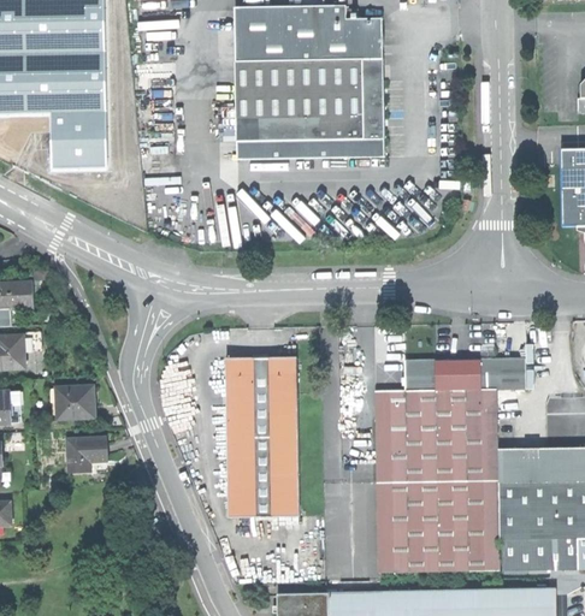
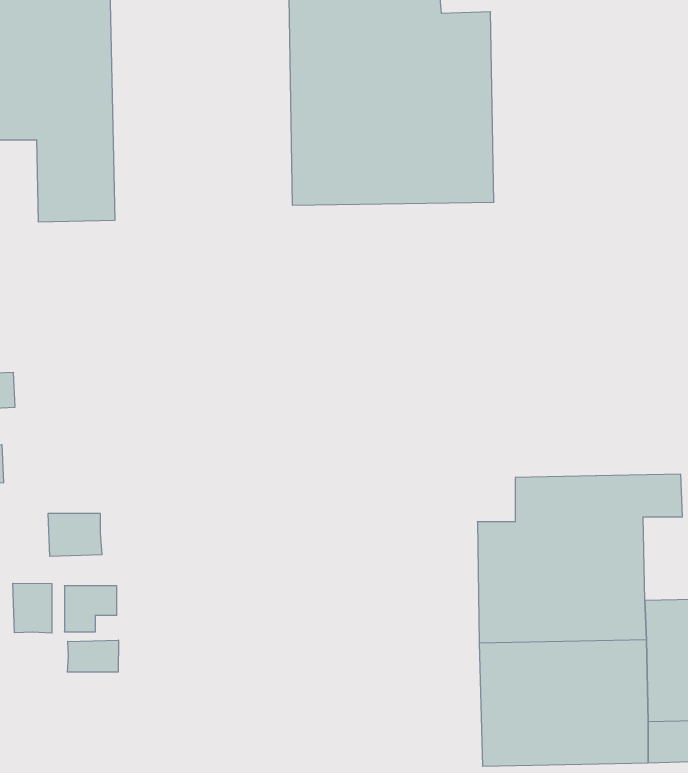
building: [224,359,299,519] -> none
building: none -> [13,583,52,633]
building: none -> [67,640,118,672]

